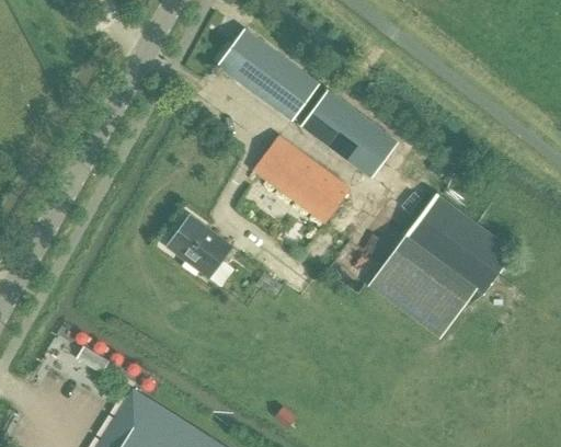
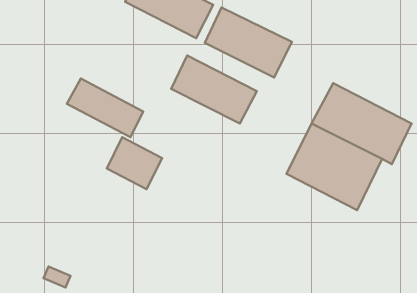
building: none -> [67,79,143,137]

